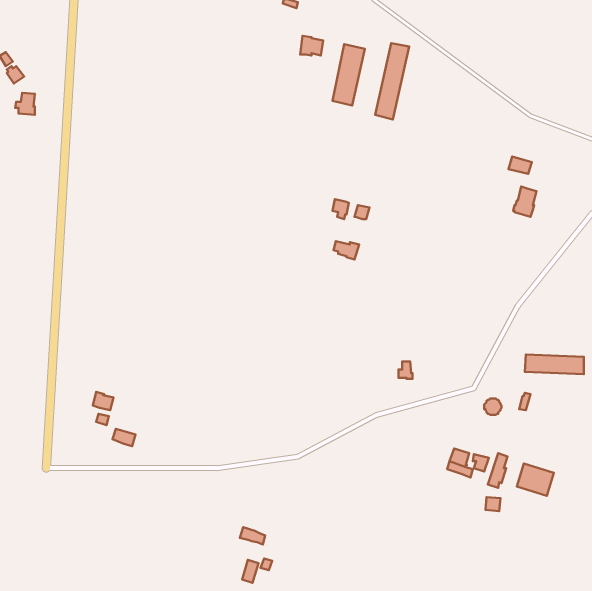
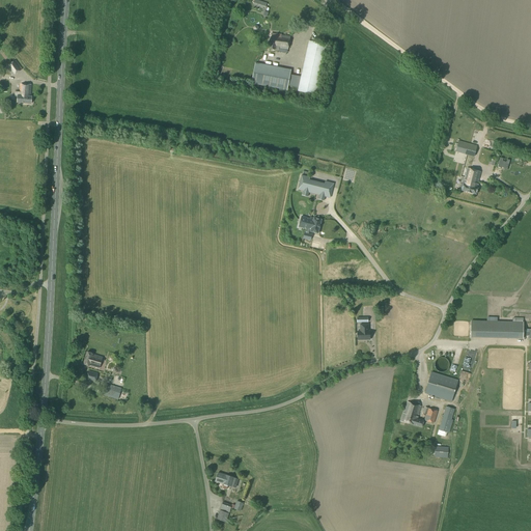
building: [375,43,409,120] -> none
building: none -> [251,62,290,89]
building: [517,463,554,496] -> [424,371,457,400]

